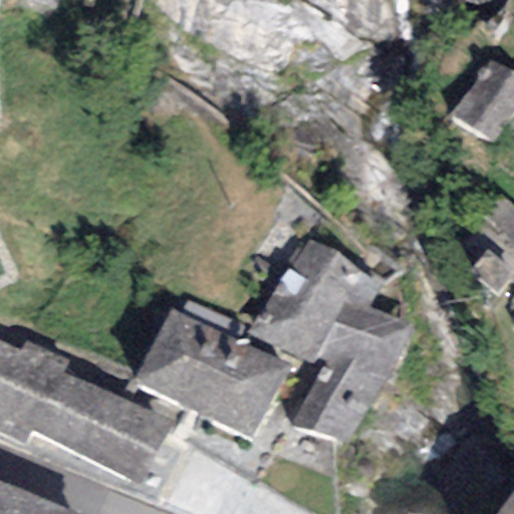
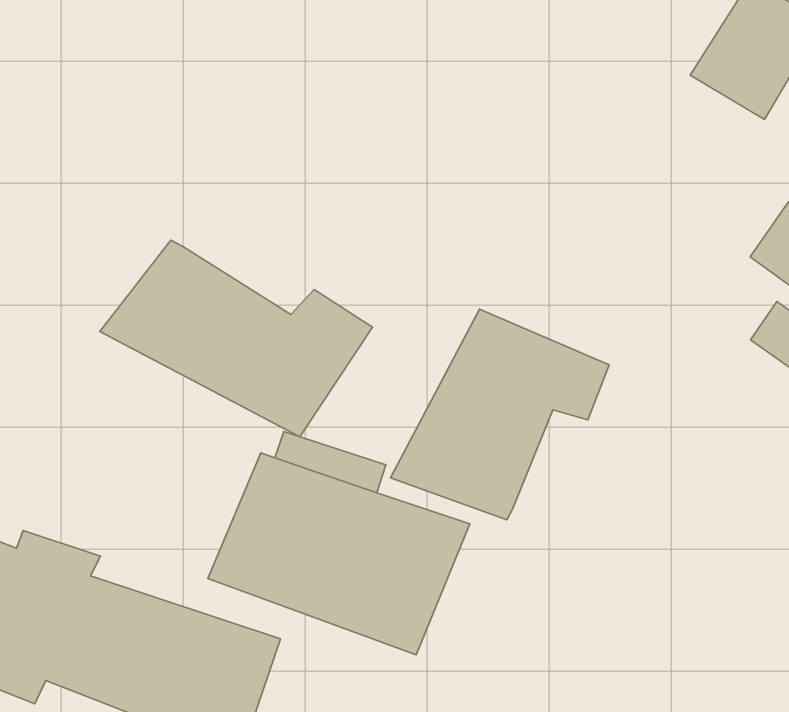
building: none -> [100,240,373,437]
building: [291,301,413,445] -> none

